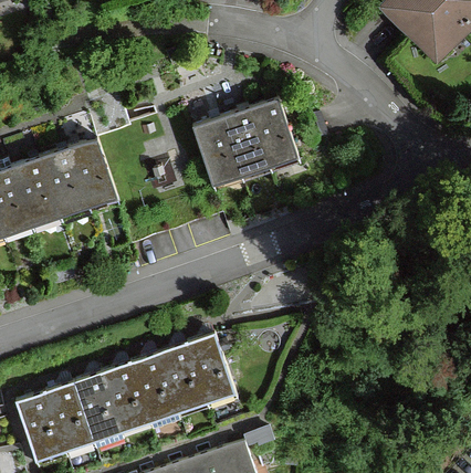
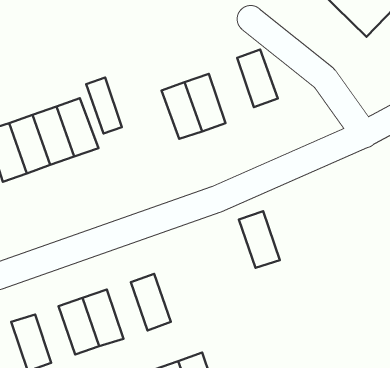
building: [250,98,299,167] -> [237,49,278,107]
building: none -> [86,77,122,133]
building: [185,336,233,403] -> [239,211,280,268]
building: [128,356,177,423] -> none
building: [43,385,91,452] -> none

